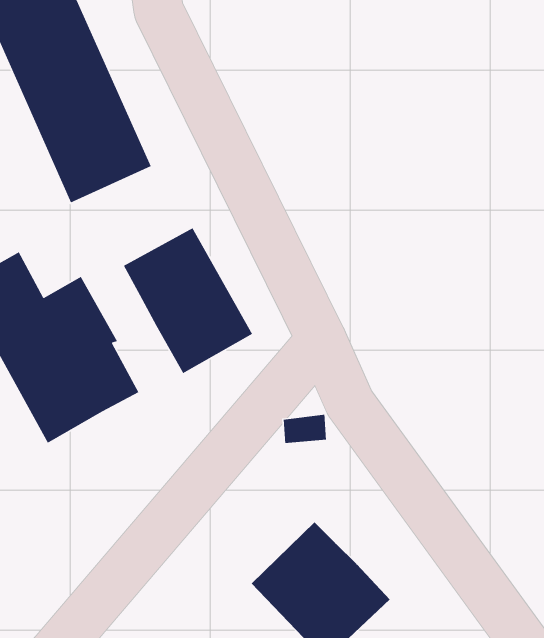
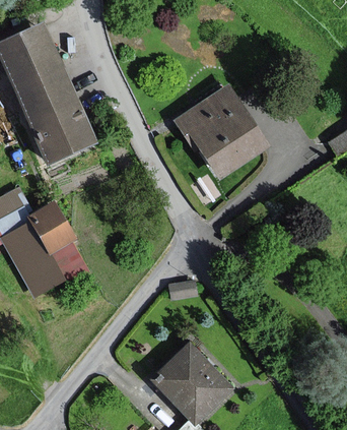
building: none -> [175,84,268,177]
building: [123,227,253,374] -> none

